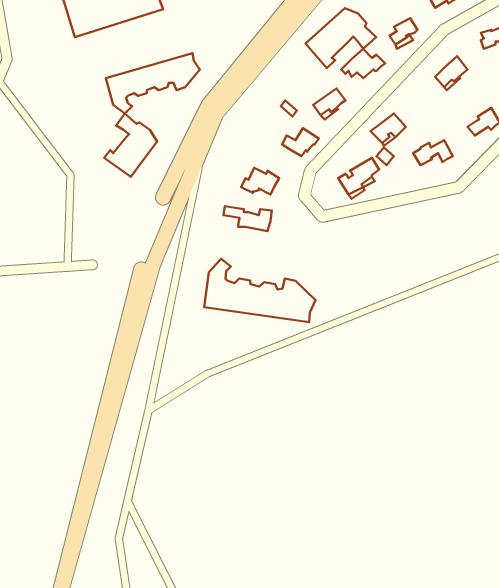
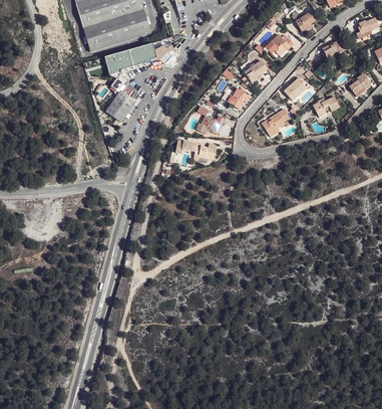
building: [305,8,376,68] -> none
building: none -> [82,7,149,50]
building: [204,259,315,322] -> none

